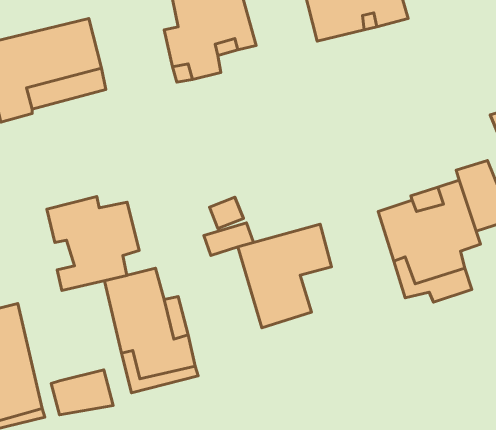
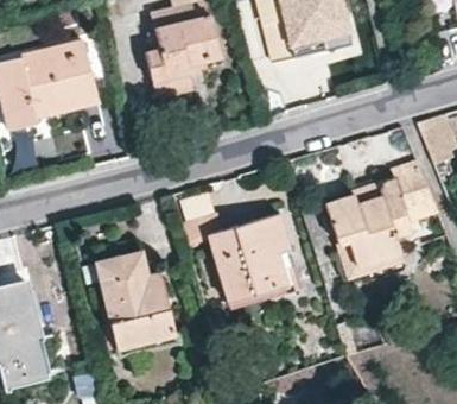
building: [47,197,139,291] -> none
building: none -> [229,253,293,310]
building: [51,370,113,415] -> none

